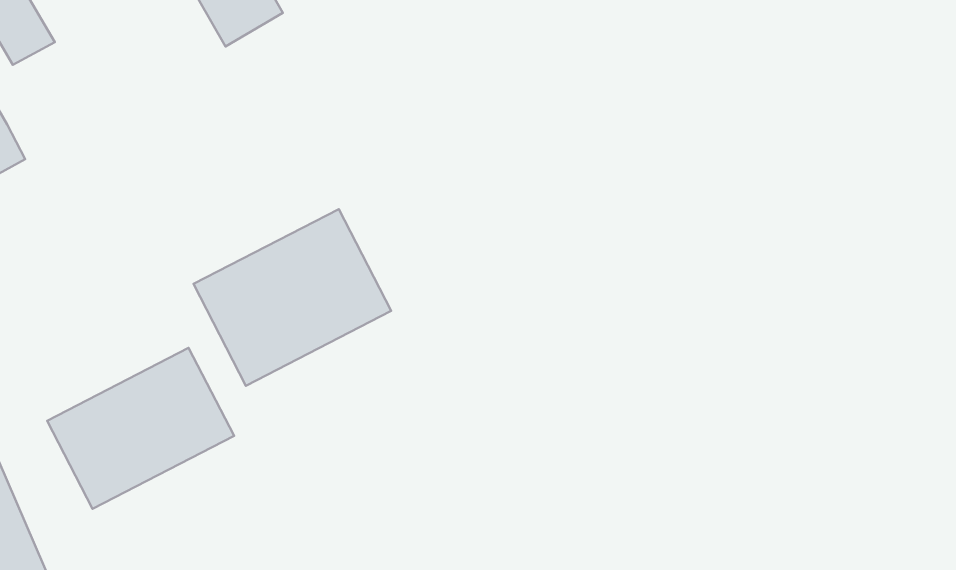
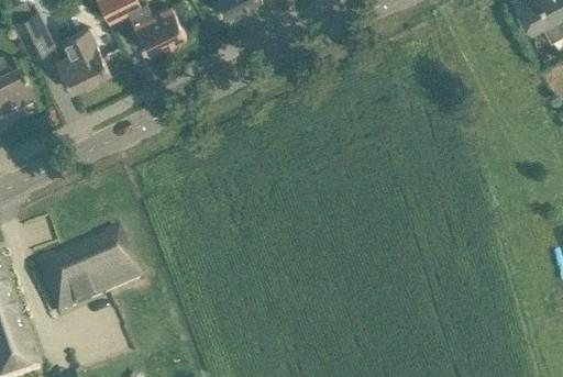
building: none -> [57,31,110,93]
building: [194,209,391,386] -> none

